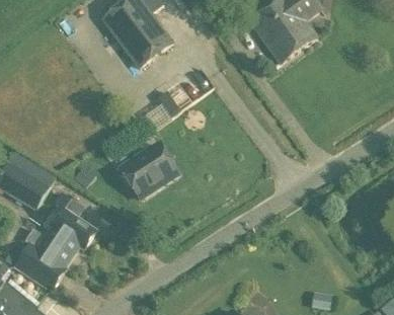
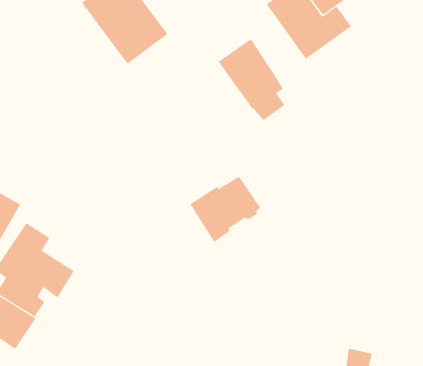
building: none -> [218,38,285,121]
building: [120,144,176,196] -> [189,176,261,243]

